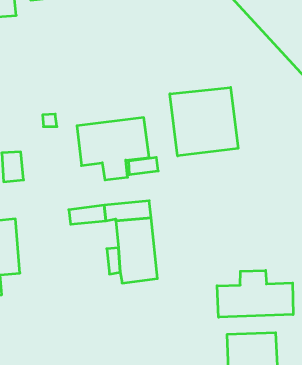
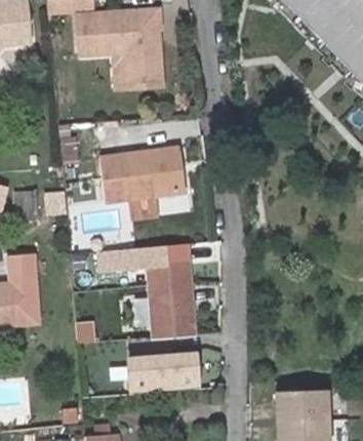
building: none -> [78,17,166,97]
building: [170,87,238,156] -> none
building: [217,270,293,317] -> none
building: none -> [127,350,201,392]

